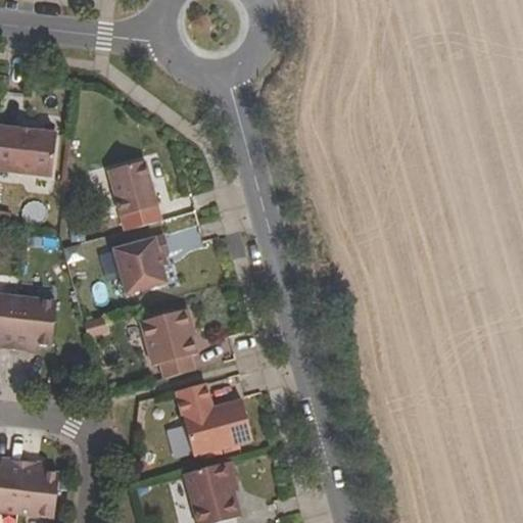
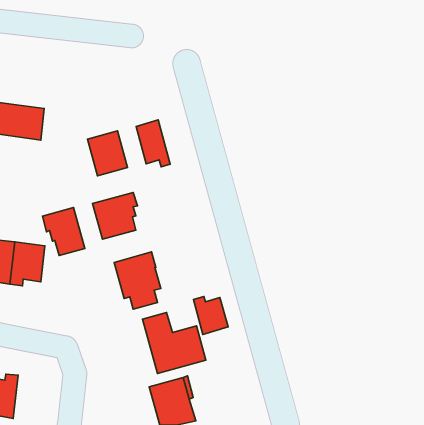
building: none -> [136,120,170,167]
building: none -> [43,207,85,255]
building: none -> [193,296,228,334]
building: [16,460,58,517] -> none

